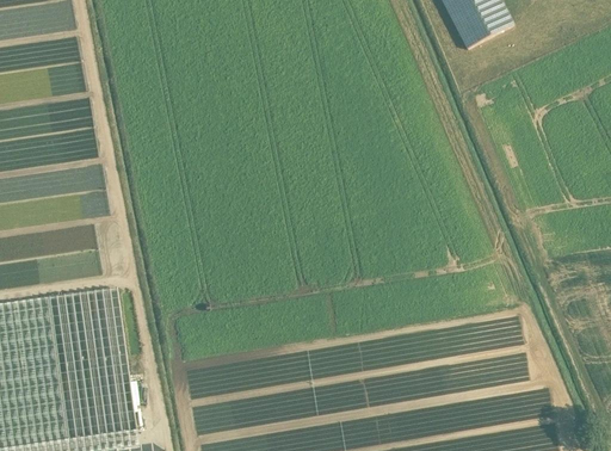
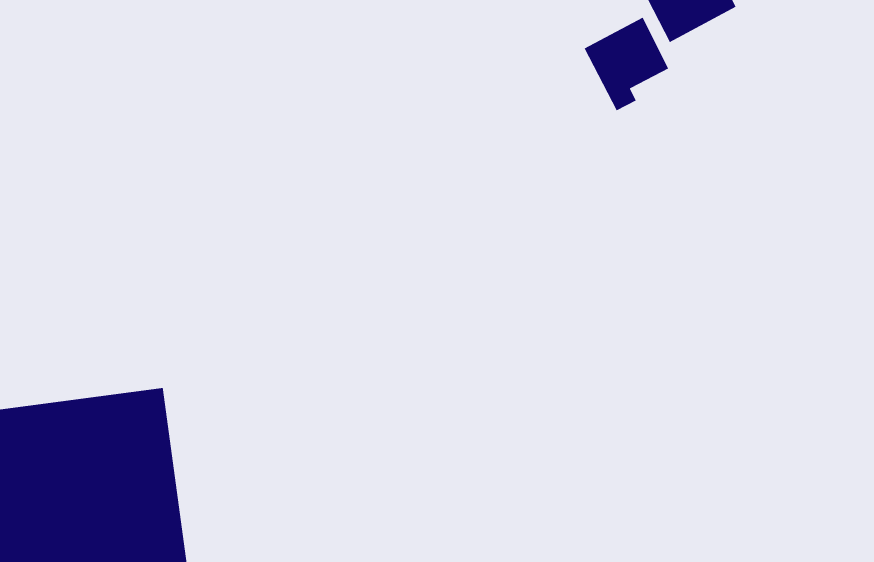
building: none -> [584,17,669,111]

